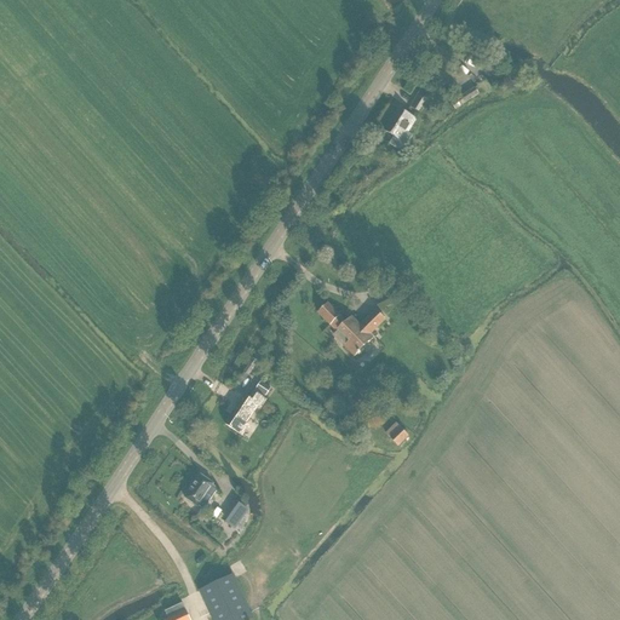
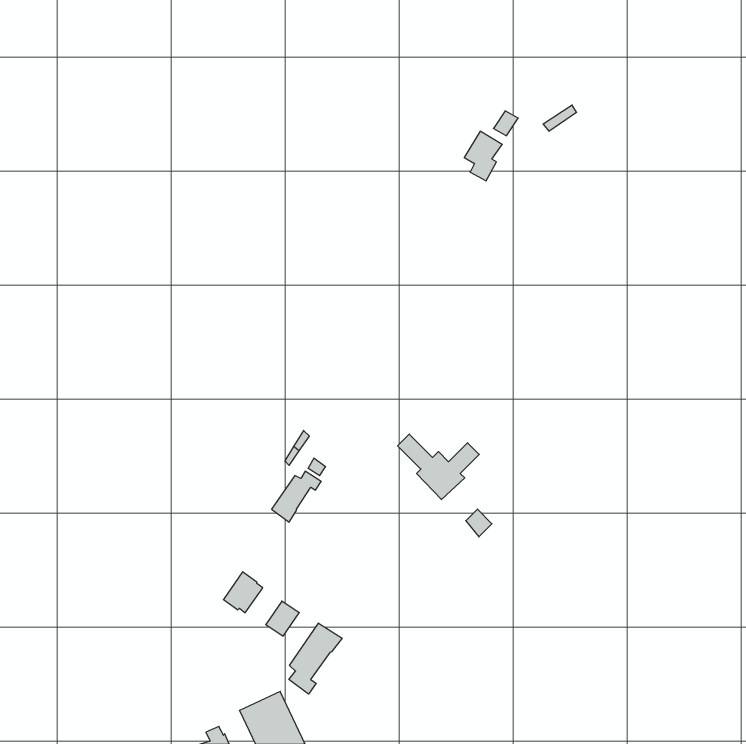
building: [317,302,385,356] -> [398,434,479,500]
building: none -> [289,623,342,694]

